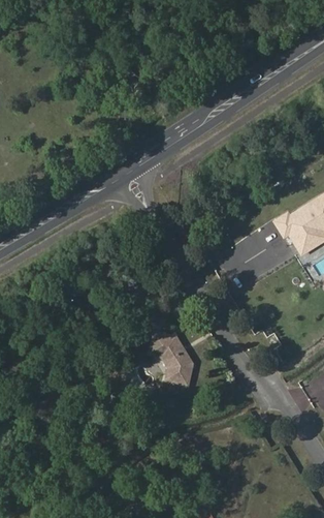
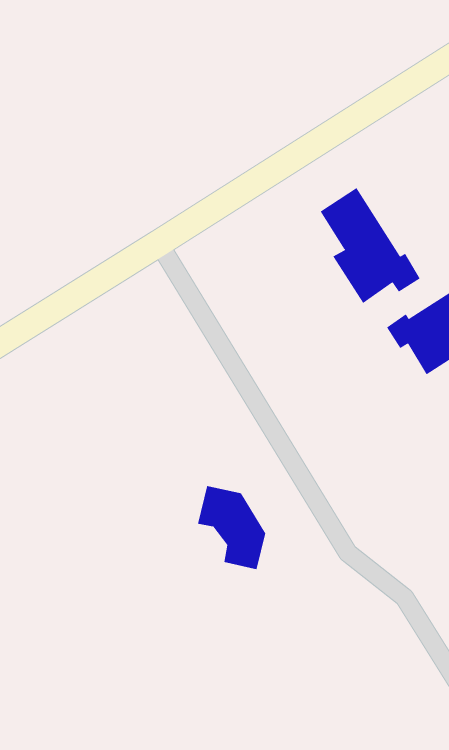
building: none -> [320,187,420,304]

